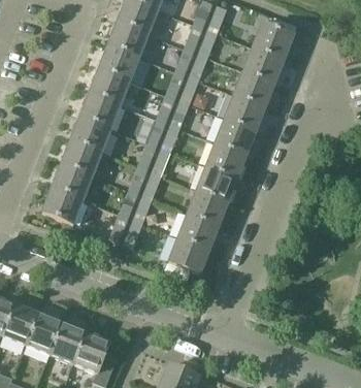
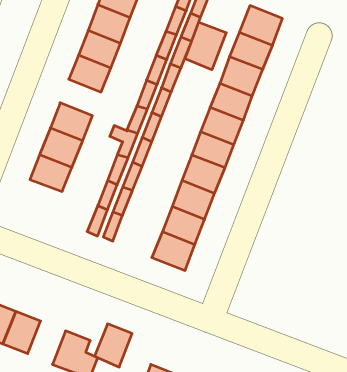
building: none -> [185,22,226,70]
building: [81,92,121,127] -> none
building: [43,188,84,225] -> none
building: [51,323,87,364] -> [94,324,132,367]

